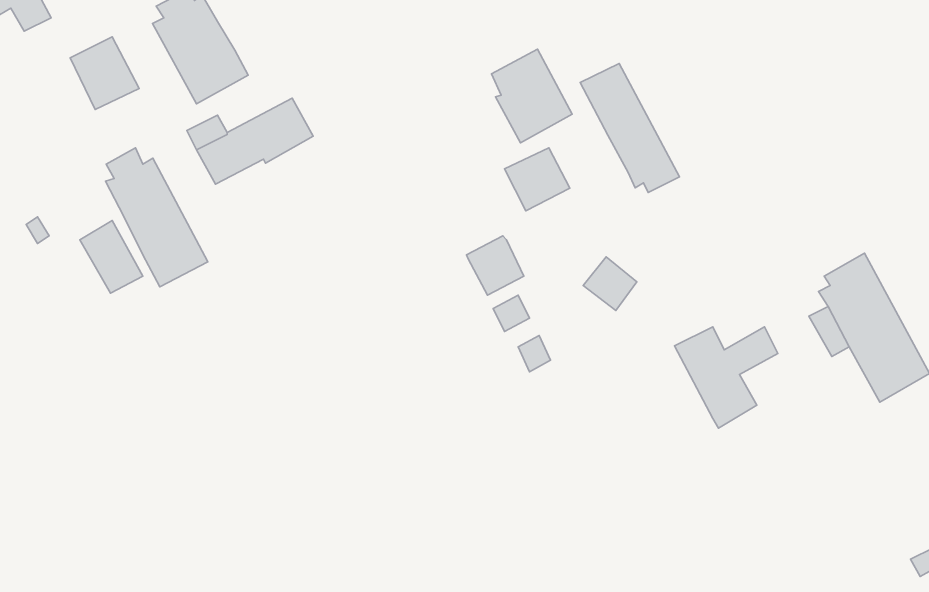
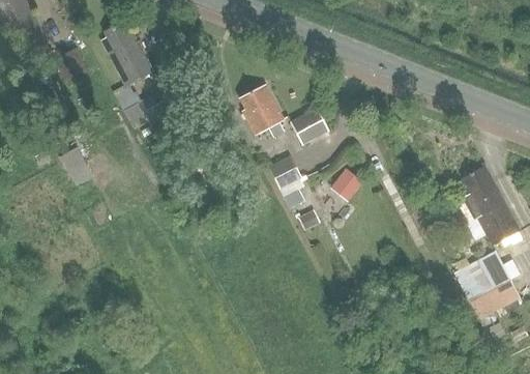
building: [492,49,572,143] -> [241,84,285,135]
building: [580,63,680,192] -> none
building: [106,148,208,287] -> none
building: [674,327,778,428] -> [454,262,510,317]

